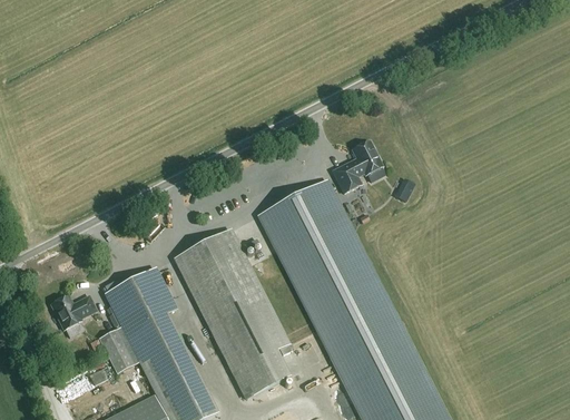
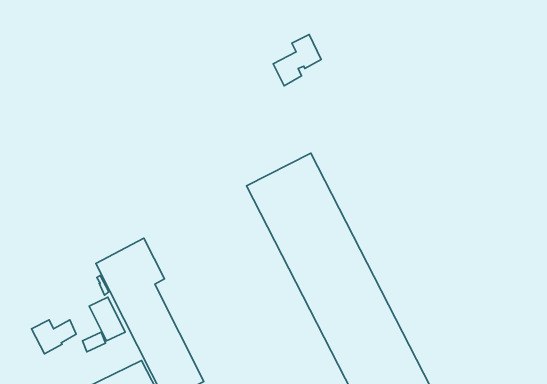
building: [333,140,382,193] -> [273,34,321,86]
building: [175,229,291,399] -> none
building: [50,295,96,330] -> [32,320,76,354]

